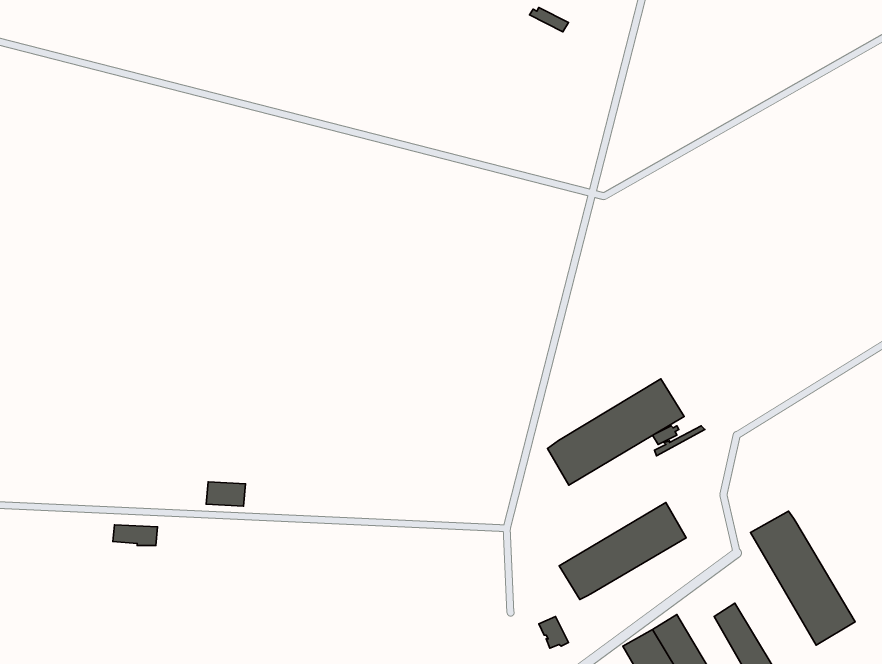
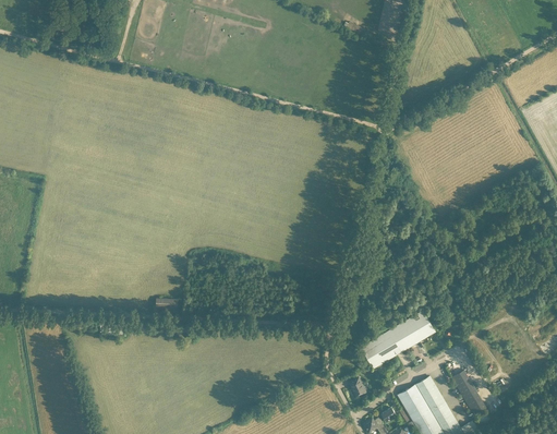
building: [548,379,684,485] -> none
building: [751,511,855,645] -> none

